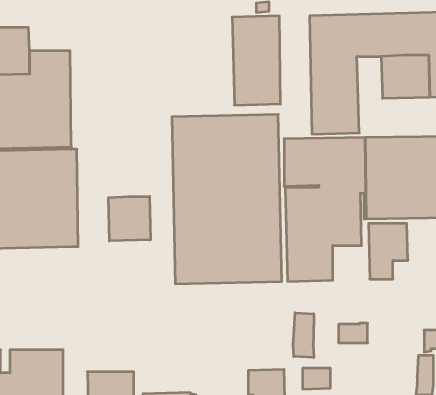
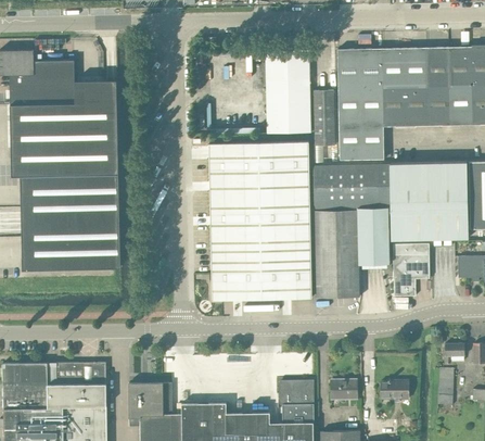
building: none -> [382,87,406,126]
building: none -> [314,89,334,144]
building: [109,196,150,241] -> none
building: [293,313,314,358] -> none
building: [339,323,368,343] -> [381,380,408,399]

